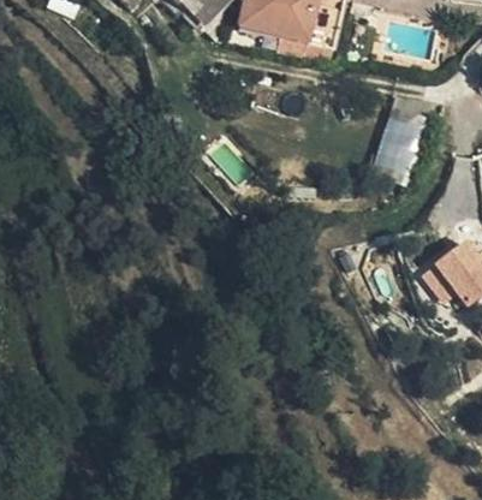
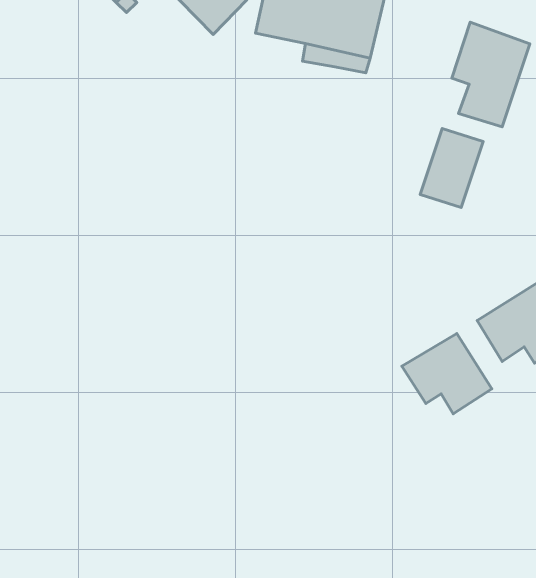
building: none -> [452,22,530,127]
building: none -> [402,333,492,414]

